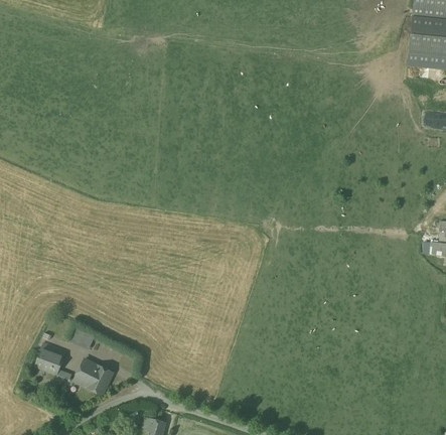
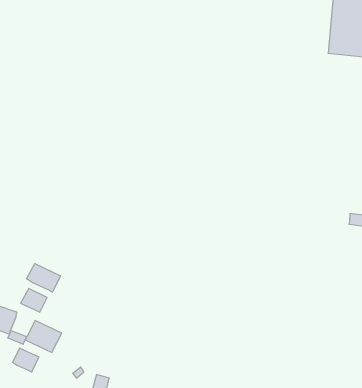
building: none -> [26,263,61,292]
building: none -> [12,348,39,372]

